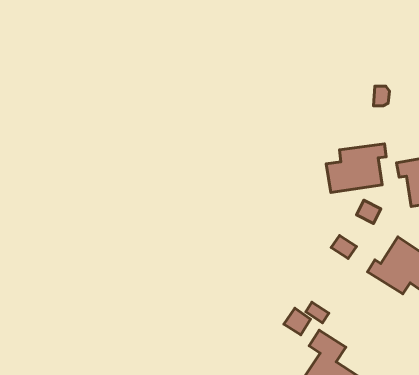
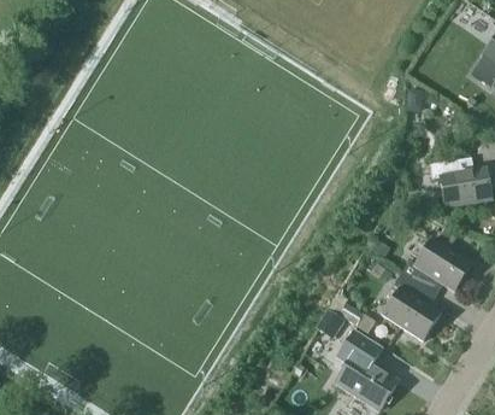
building: [326,144,386,193] -> none
building: none -> [383,273,440,340]

